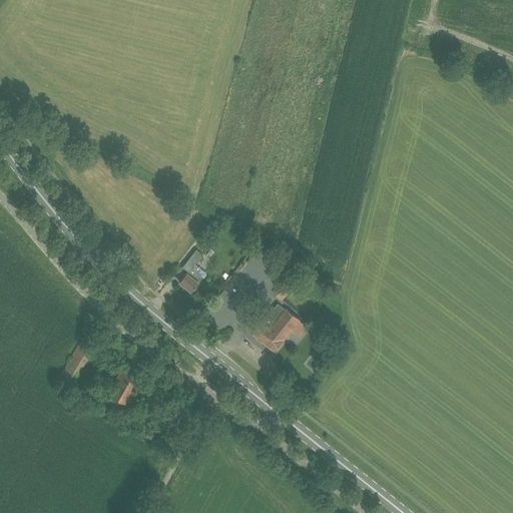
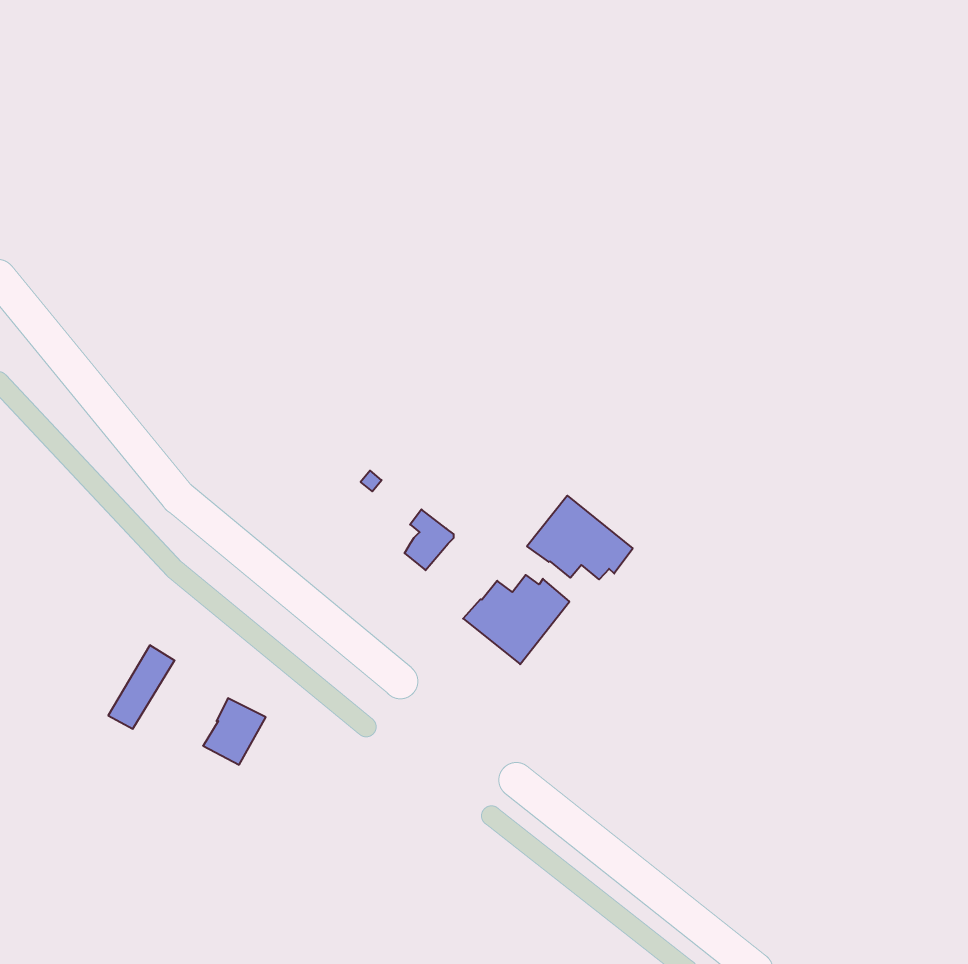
building: [178,262,204,294] -> [404,509,454,570]
building: none -> [527,496,633,579]

